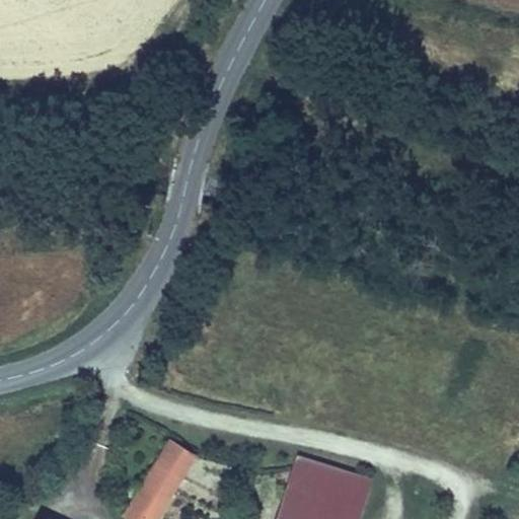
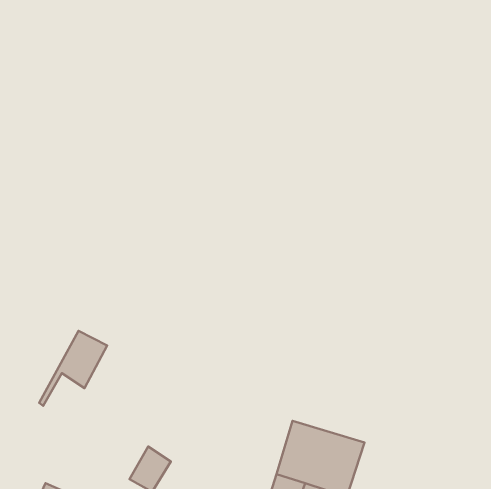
building: [129,431,199,508] -> [39,331,107,406]

